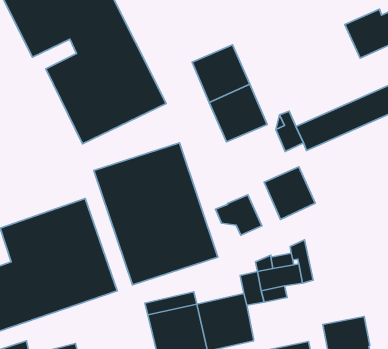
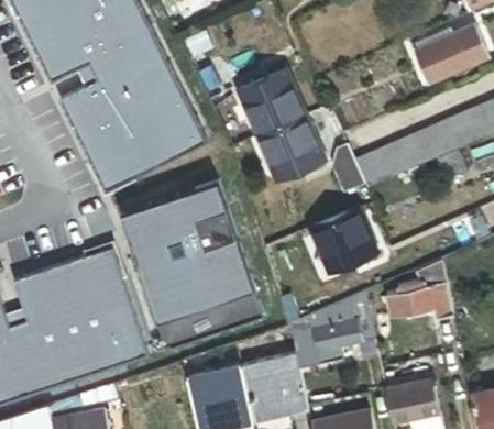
building: [216,195,262,235] -> none
building: none -> [384,261,450,316]

